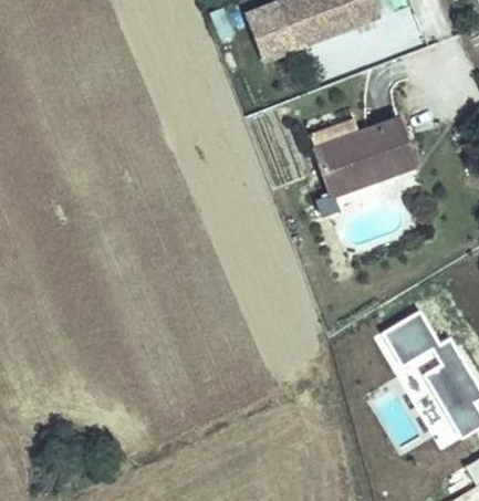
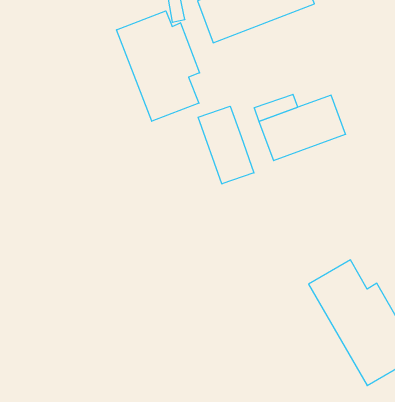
building: none -> [117,11,200,121]
building: none -> [198,106,254,184]

